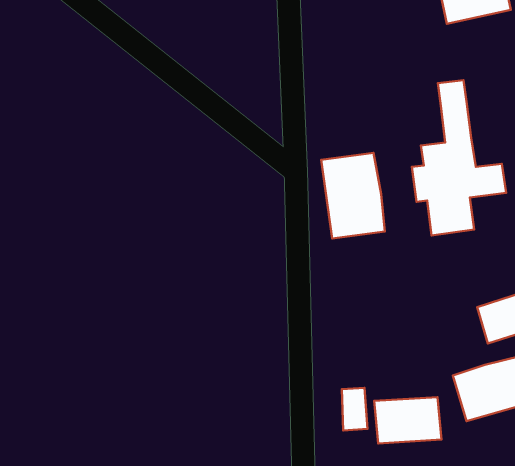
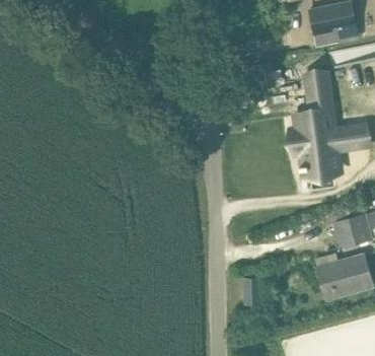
building: [321,153,385,238] -> none
building: [374,397,442,443] -> none

